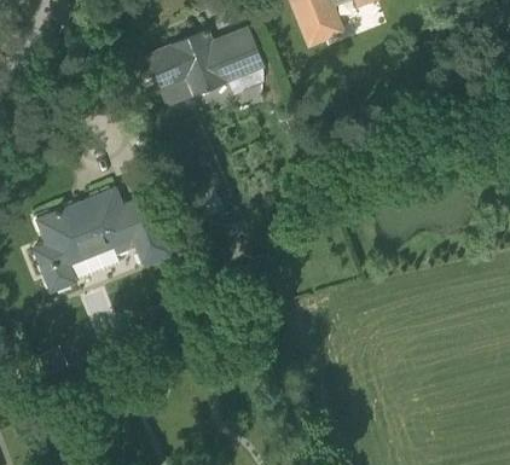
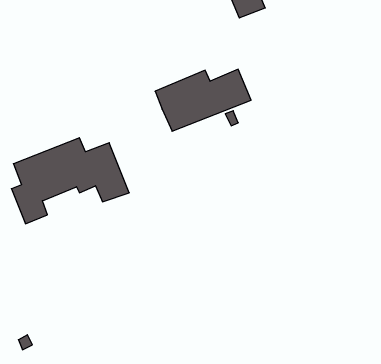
building: [147,30,263,105] -> [155,69,251,131]

